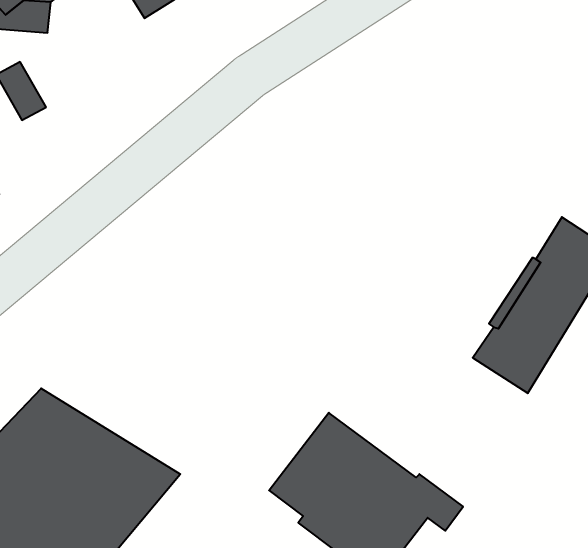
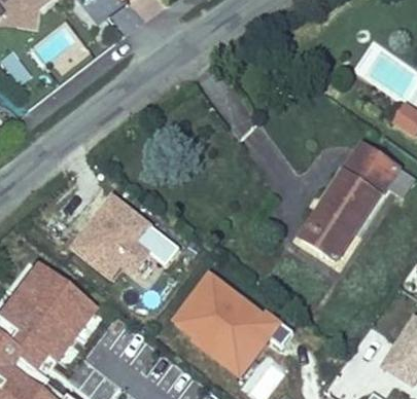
building: none -> [69,193,155,282]

